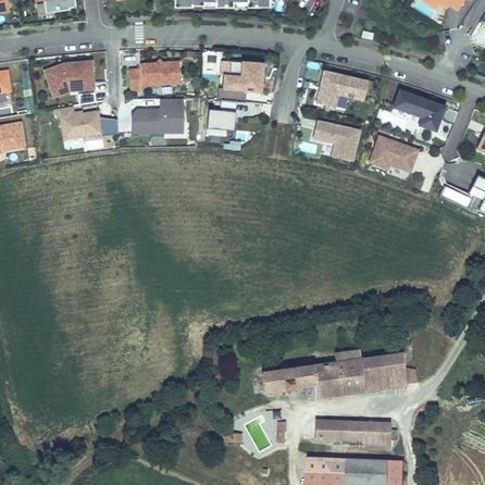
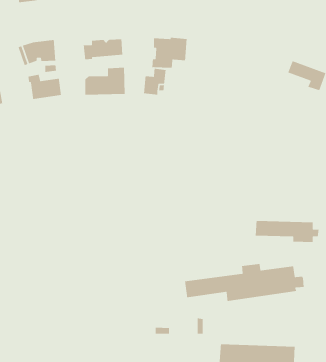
building: [315,72,368,108] -> none
building: [313,121,359,161] -> none
building: [369,136,418,172] -> none
building: [314,419,398,448] -> [255,220,319,243]

